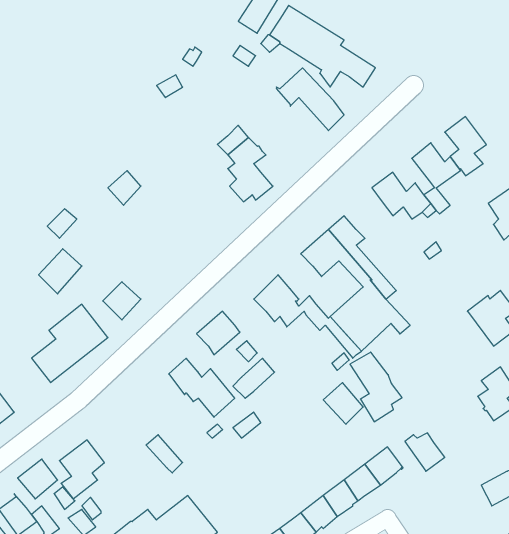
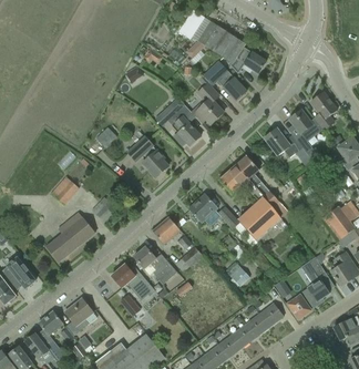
building: none -> [192,83,224,124]
building: none -> [127,136,168,177]
building: [350,352,402,422] -> [301,257,335,301]
building: none -> [112,264,154,297]

